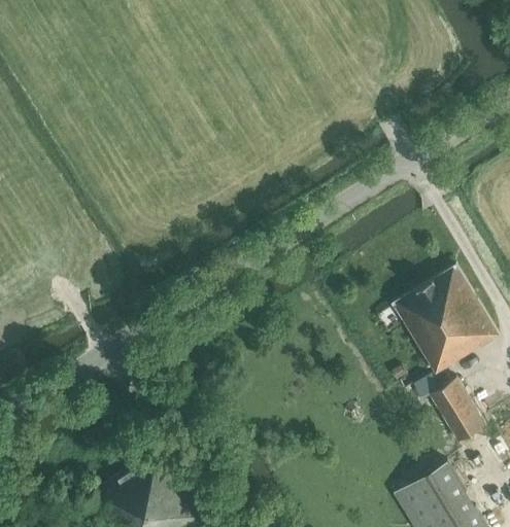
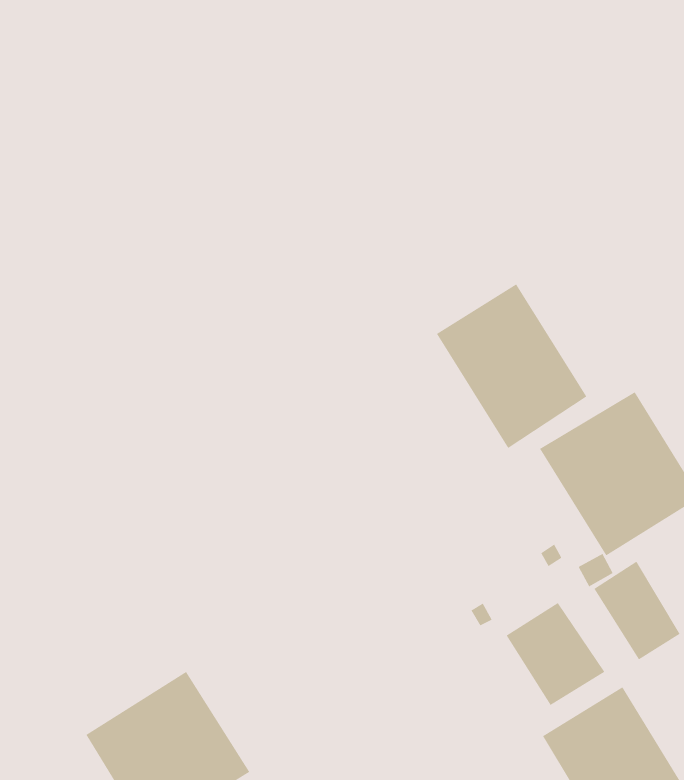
building: none -> [436,284,587,449]
building: none -> [506,602,605,706]

